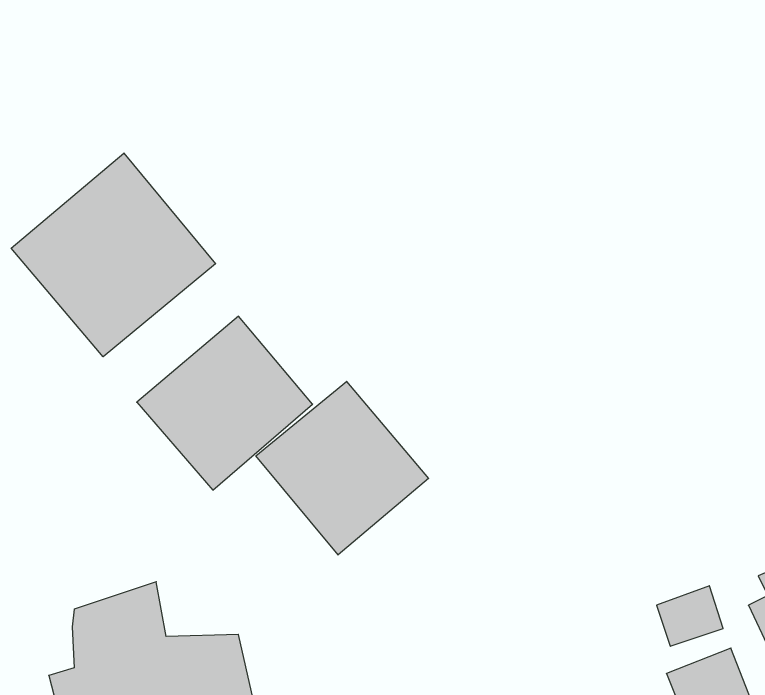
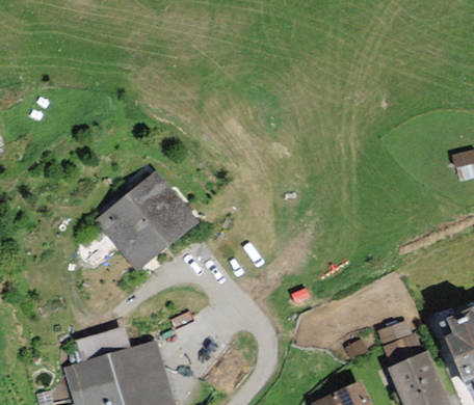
building: [11,153,216,357] -> none
building: [256,381,429,555] -> none

